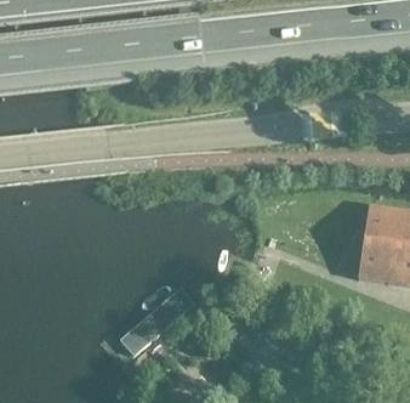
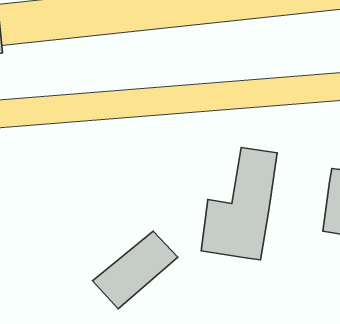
building: none -> [201,148,277,260]

